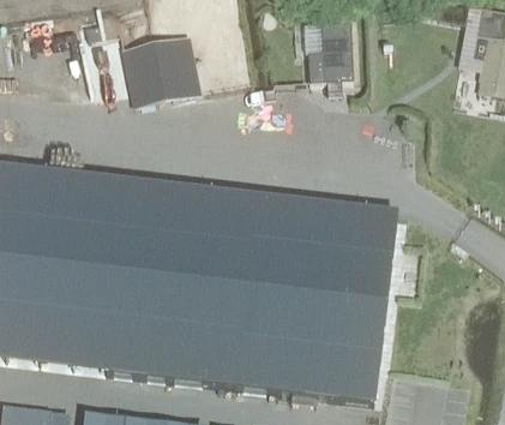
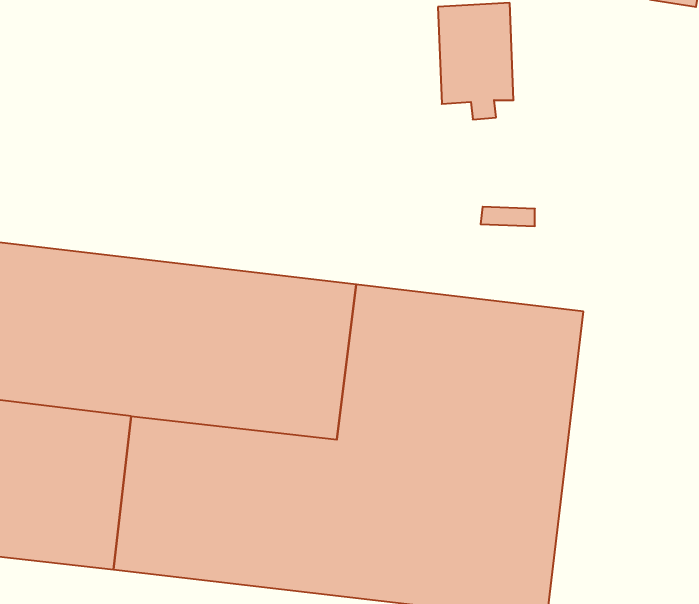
building: [124,36,198,103] -> none

